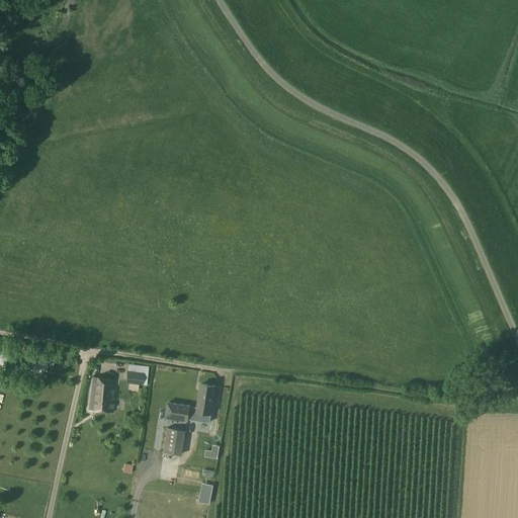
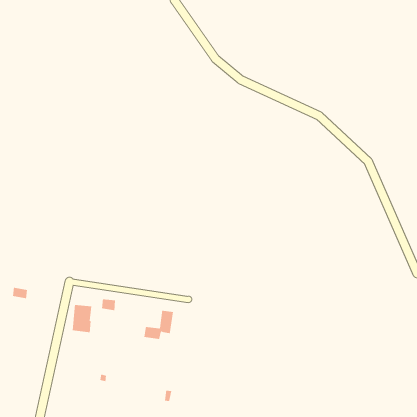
building: [164,427,184,454] -> none

